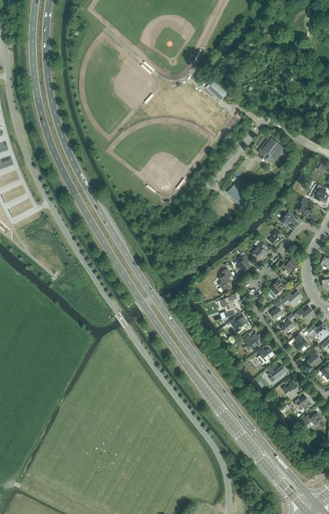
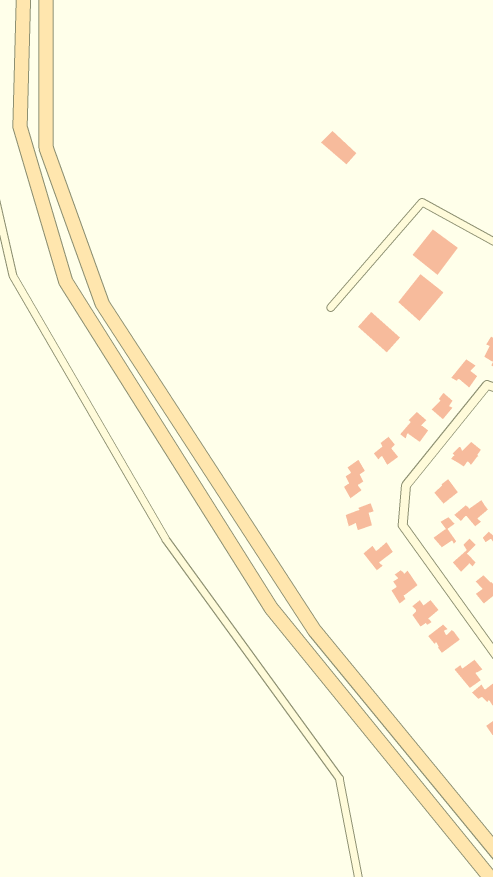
building: none -> [397,273,445,322]

